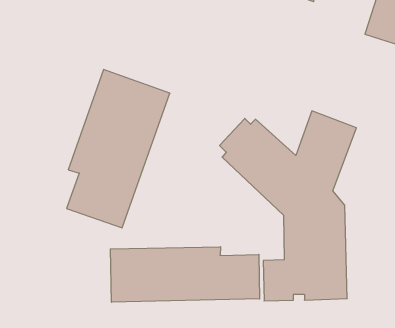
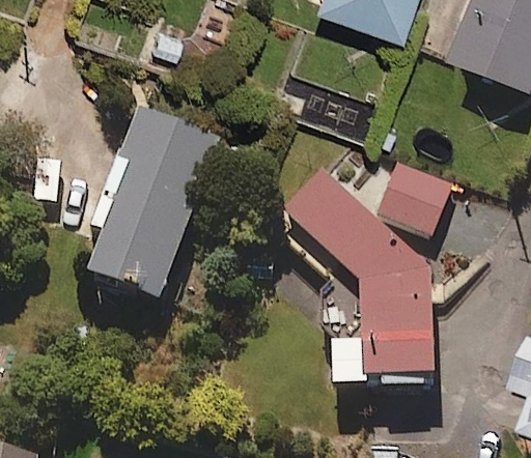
building: [110,247,260,302] -> none

